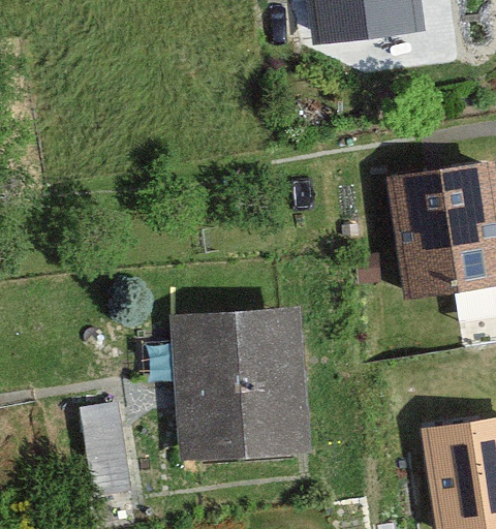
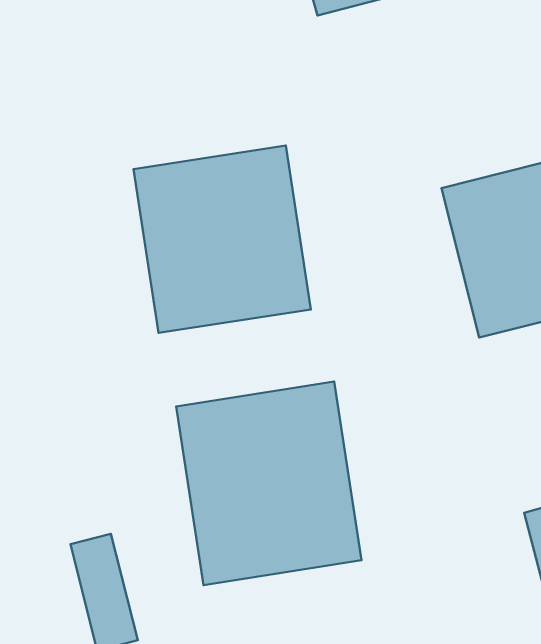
building: none -> [134,146,311,333]

